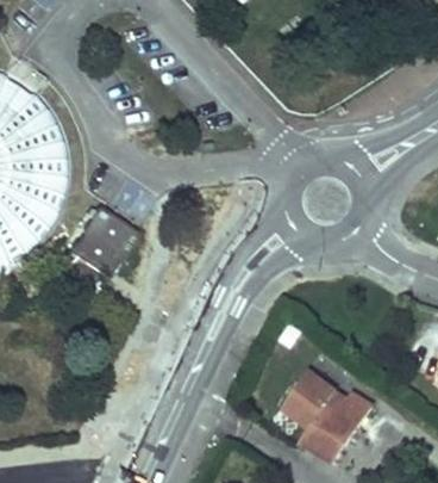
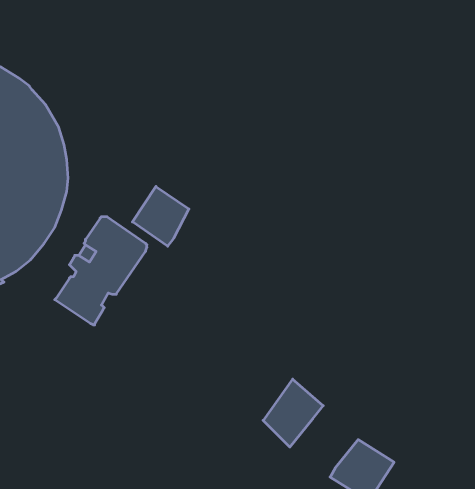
building: none -> [132,186,189,246]
building: [282,372,336,433] -> [263,379,323,447]

